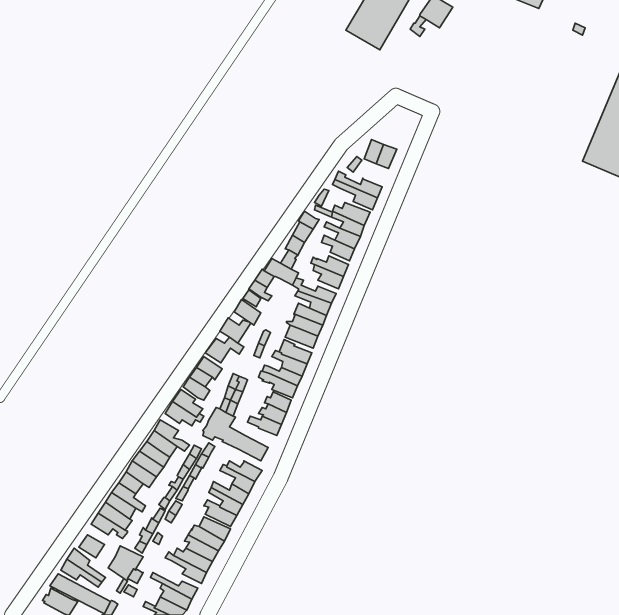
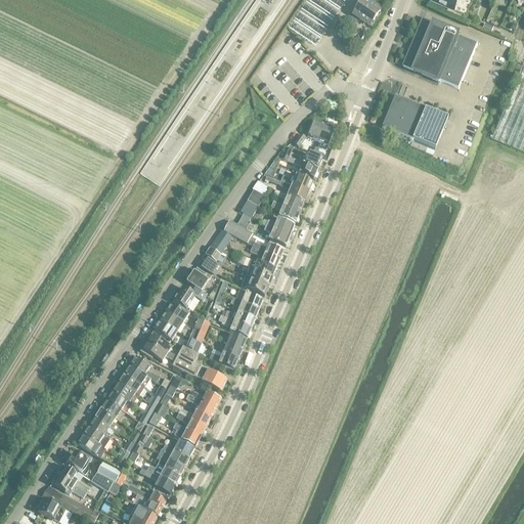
building: none -> [403,17,478,86]
building: none -> [383,92,449,146]

